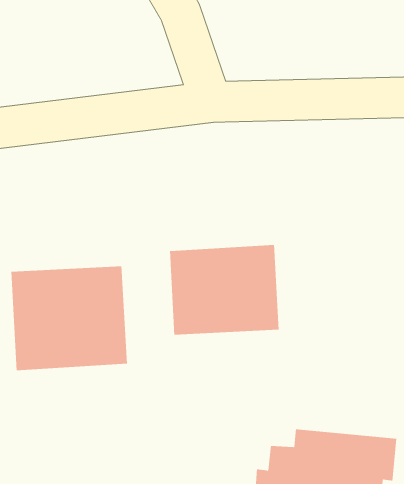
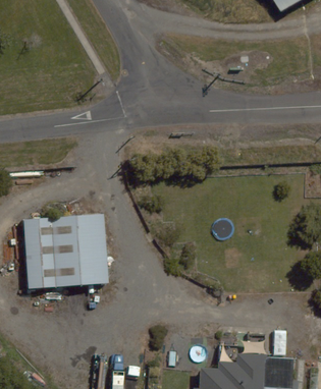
building: [169,244,279,335] -> none

